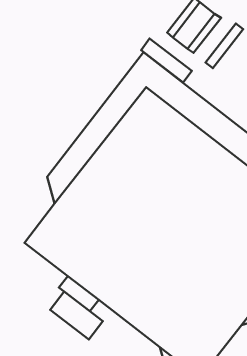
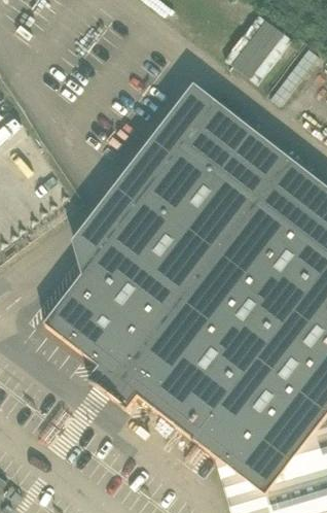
building: [141,39,192,82] -> none
building: [50,292,103,340] -> none

